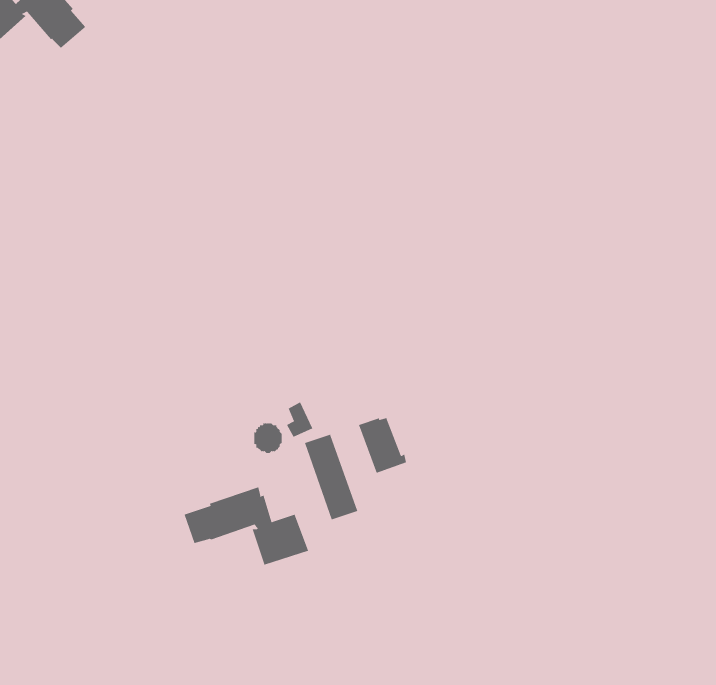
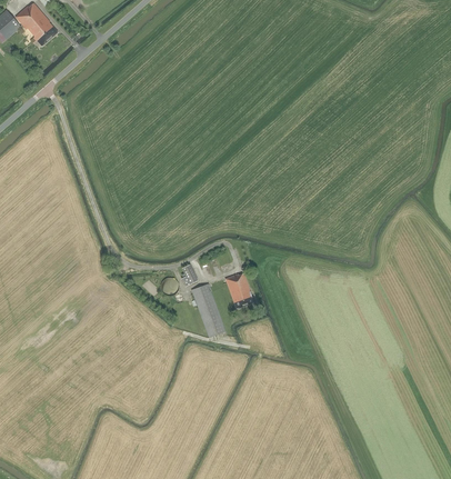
building: [184,486,309,565] -> none

